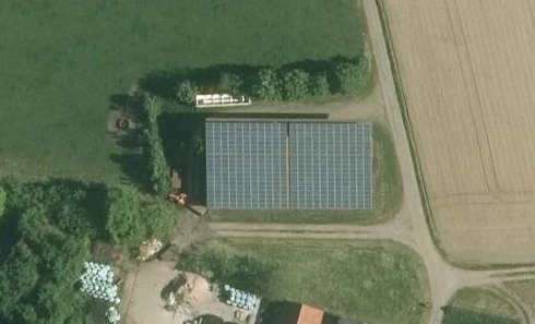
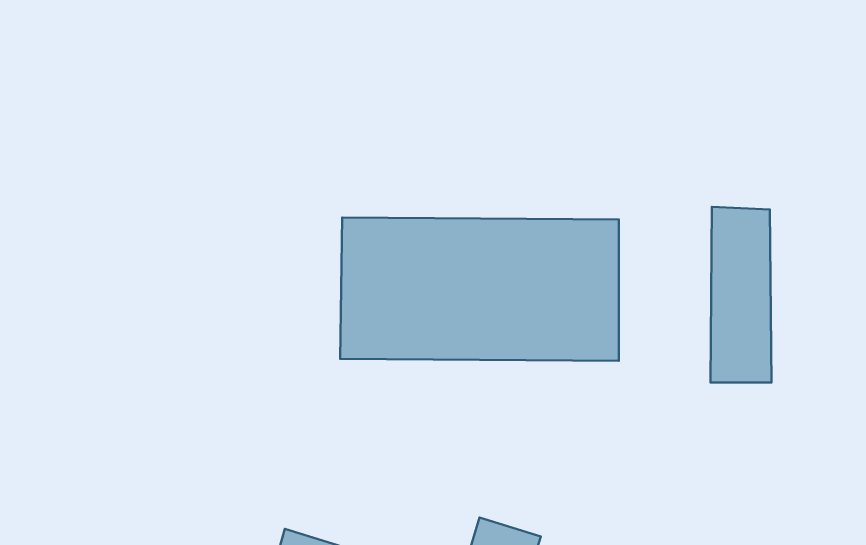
building: none -> [711,207,771,383]

